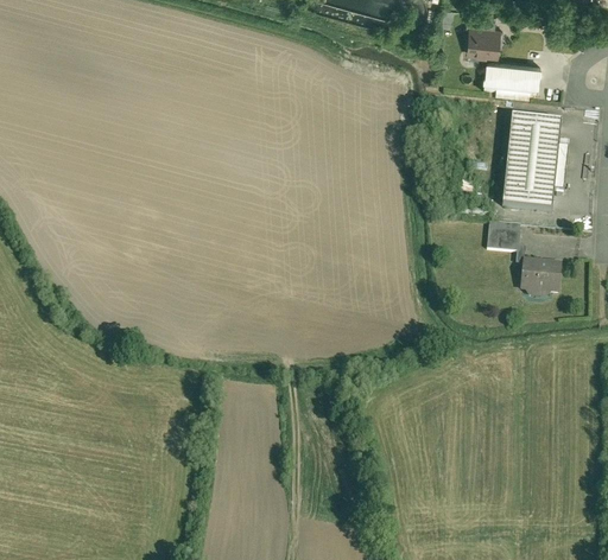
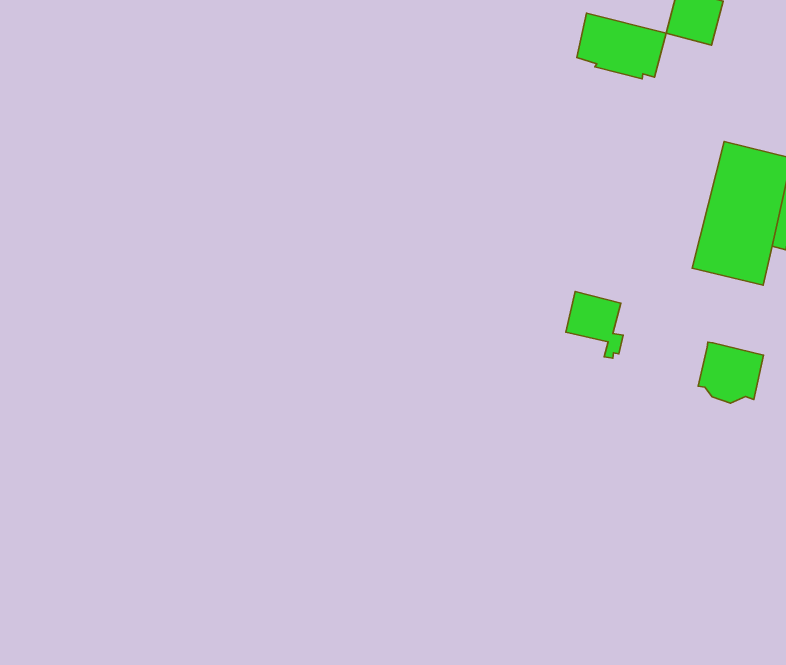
building: [483,59,542,98] -> [577,13,666,79]
building: [487,218,526,260] -> [566,291,623,358]

